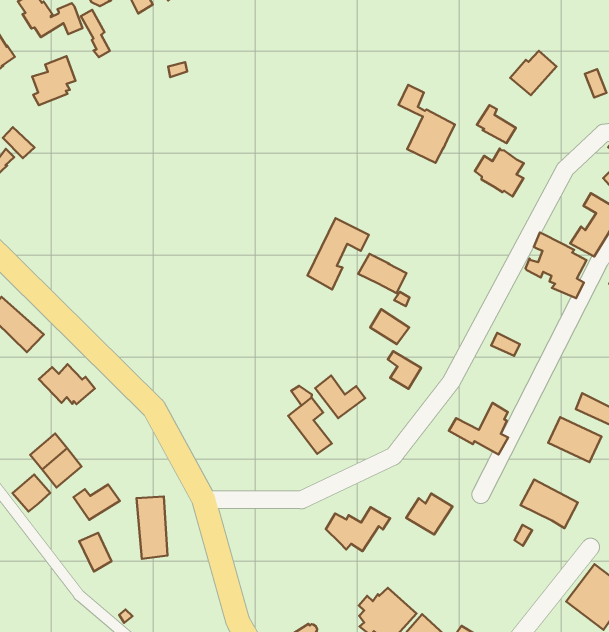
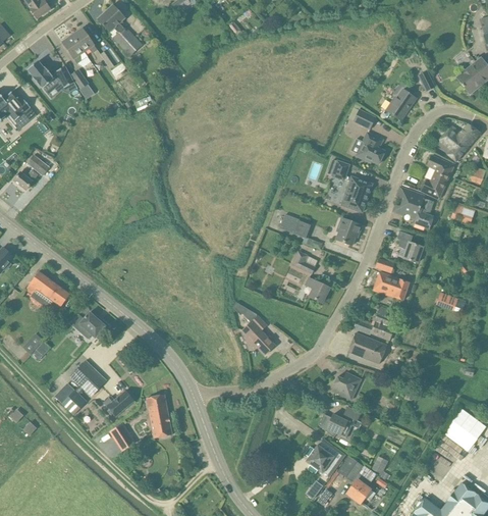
building: [510,51,557,95] -> [385,90,416,120]
building: [32,56,76,105] -> none
building: [399,85,455,163] -> [332,161,372,212]
building: [307,218,369,289] -> none
building: none -> [335,217,362,246]
building: none -> [396,231,422,263]
building: [315,375,365,418] -> none
building: [548,417,601,462] -> [373,272,409,301]
building: [521,480,578,528] -> [347,333,386,364]
building: [326,507,390,551] -> [318,407,361,437]

